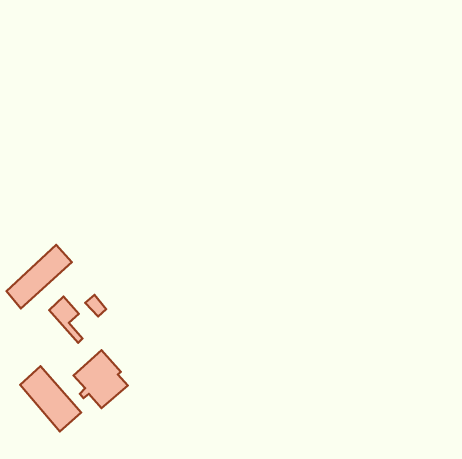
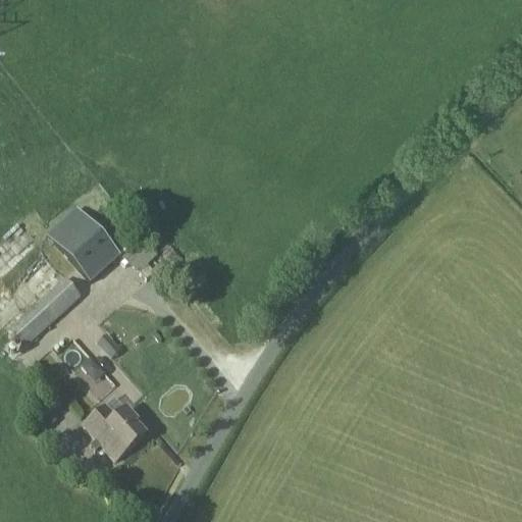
building: none -> [48,205,121,280]
building: [20,366,81,431] -> none

